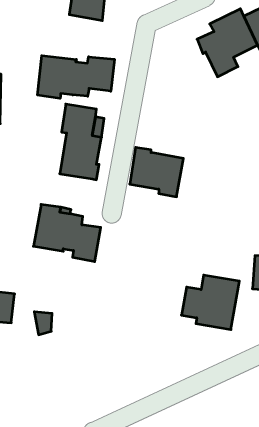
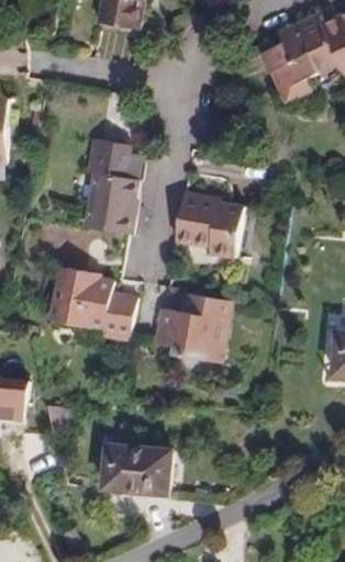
building: [38,56,114,98] -> none
building: [181,275,239,330] -> [155,293,230,363]
building: none -> [102,446,170,494]

